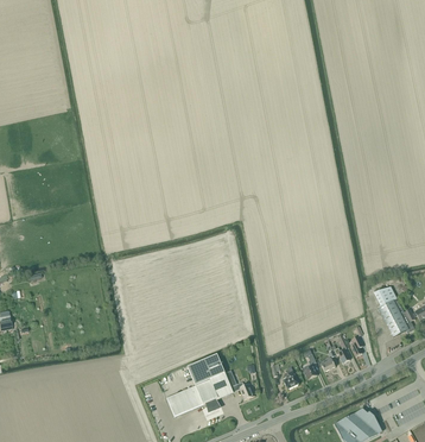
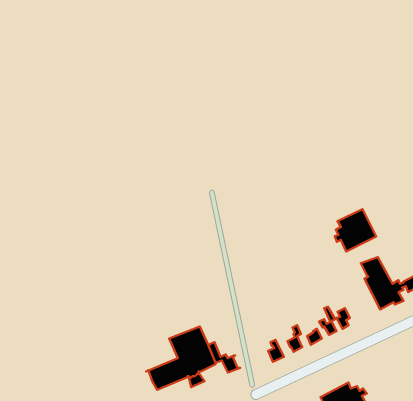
building: none -> [335,209,376,251]

